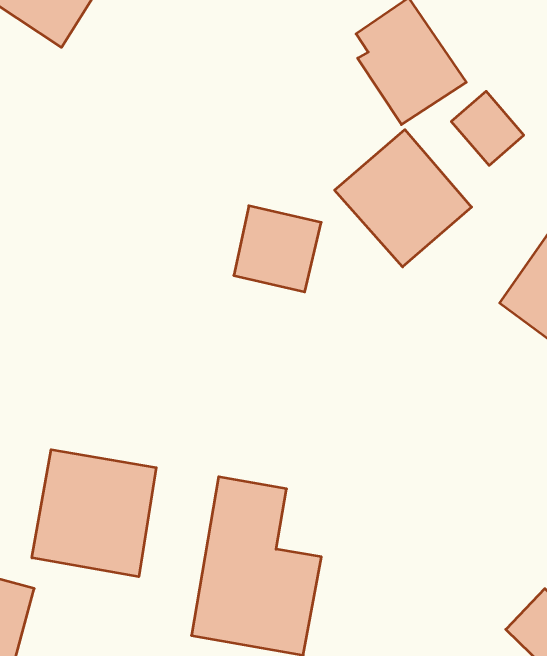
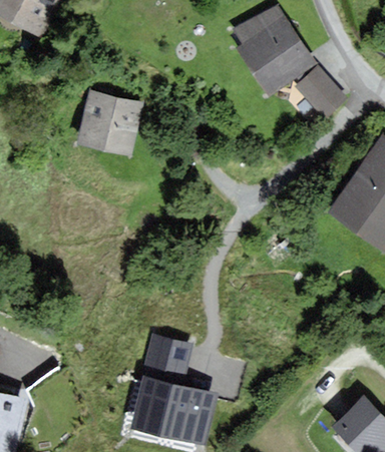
building: [335,130,472,267] -> none
building: [234,206,321,292] -> [81,95,139,152]
building: [32,450,156,577] -> none

